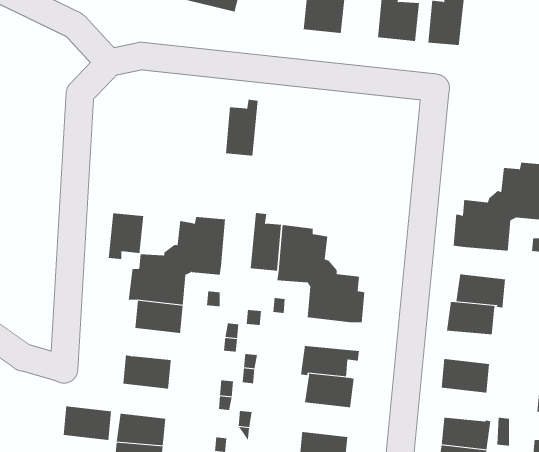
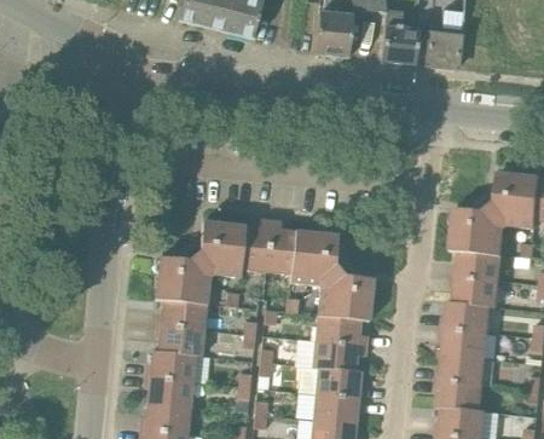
building: [225,99,258,156] -> [241,219,271,271]
building: [108,213,144,260] -> none
building: none -> [457,252,502,281]
building: none -> [316,316,368,346]
building: none -> [158,325,203,357]
building: none -> [442,328,487,358]
building: none -> [436,380,482,410]
building: none -> [313,393,358,424]
building: [63,406,112,441] -> [147,376,192,408]

